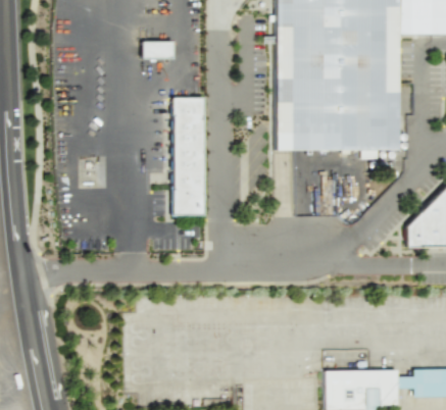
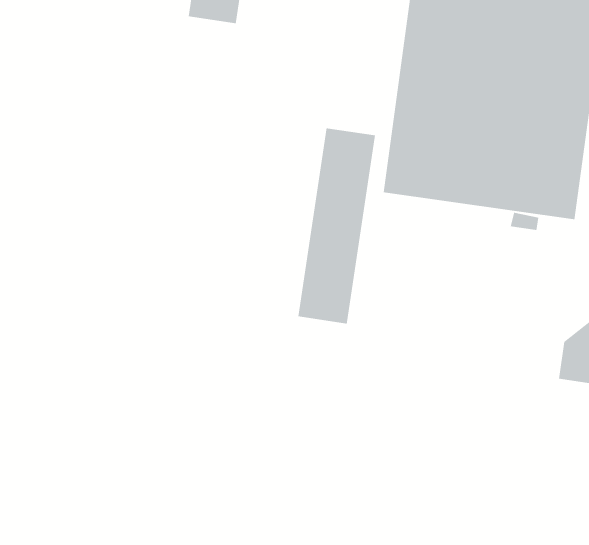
building: [169,98,201,217] -> [297,128,376,324]

